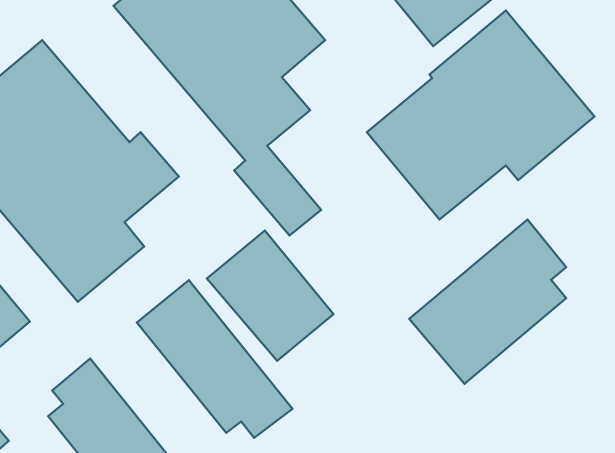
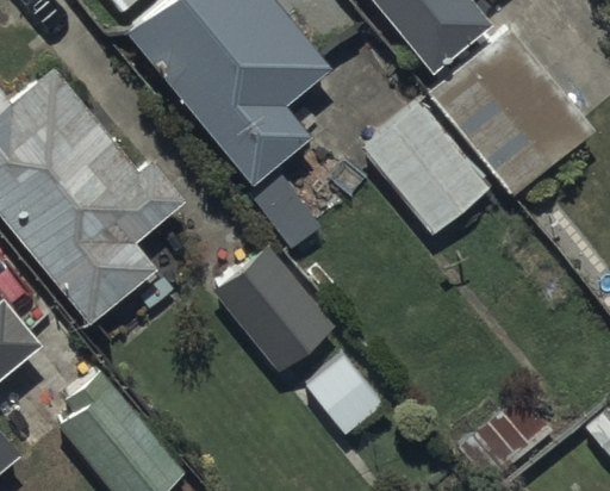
building: [409,219,566,384] -> none
building: [137,280,292,438] -> none

